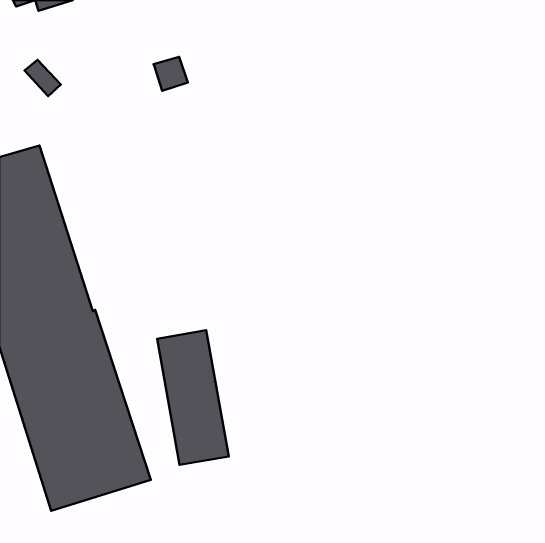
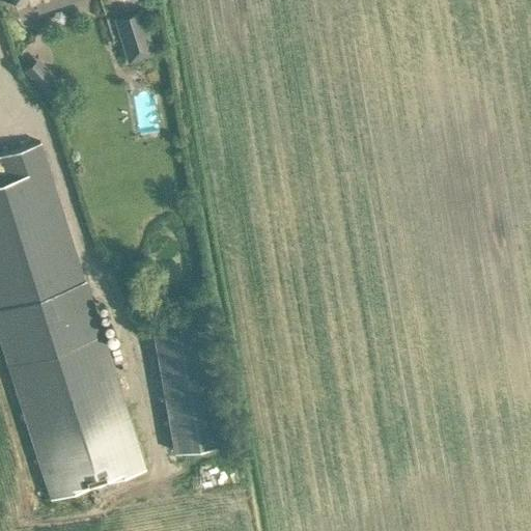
building: [154,57,188,91] -> [119,30,152,63]

